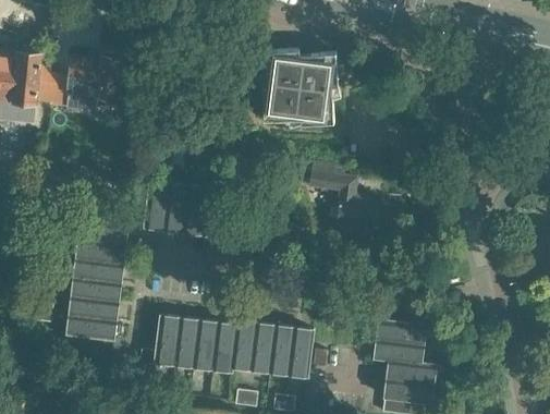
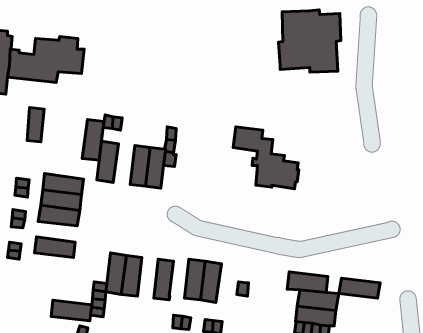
building: [261,50,337,125] -> [278,10,341,72]
building: none -> [27,107,44,142]
building: [163,184,190,233] -> [82,120,104,160]
building: [71,278,120,303] -> none
building: [66,316,115,341] -> [51,300,92,321]
building: [376,320,426,344] -> [339,278,380,298]
building: [193,321,218,370] -> none
building: [231,321,255,370] -> none
building: [288,329,313,378] -> none

